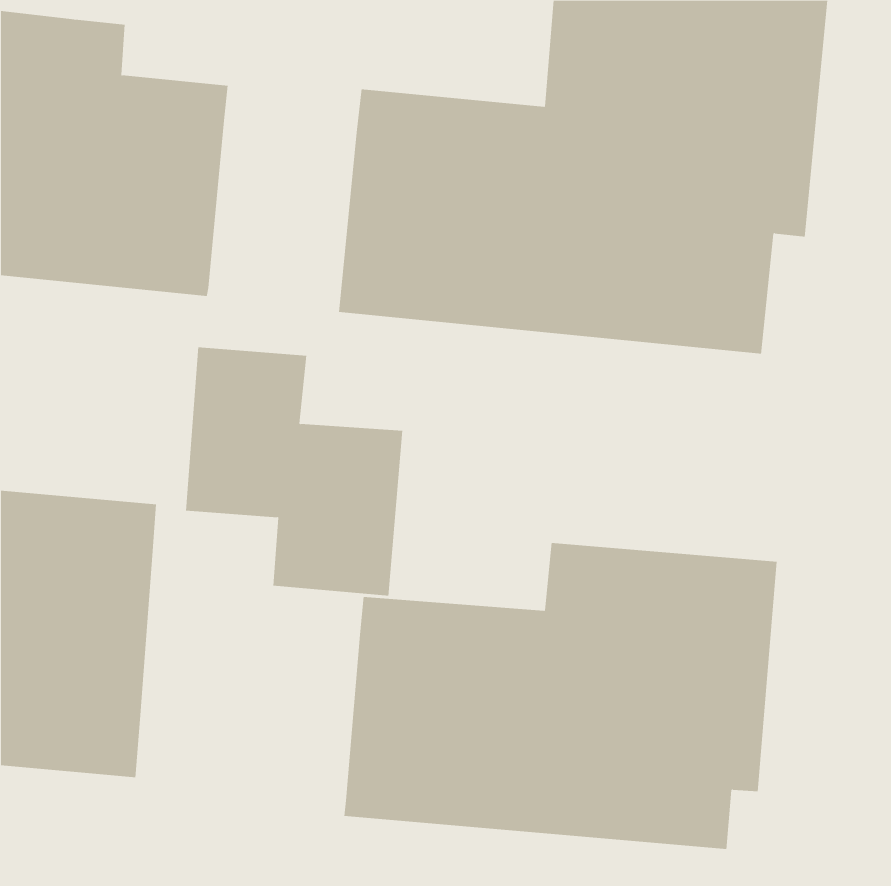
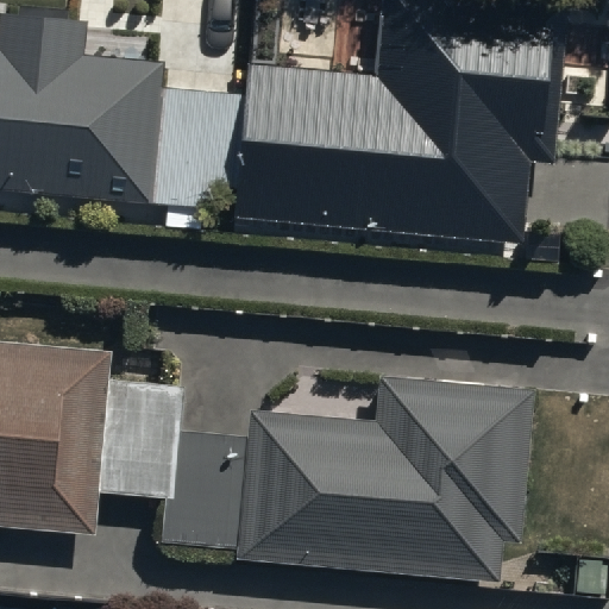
building: none -> [143,86,243,208]
building: [185,347,403,596] -> [96,379,245,550]

